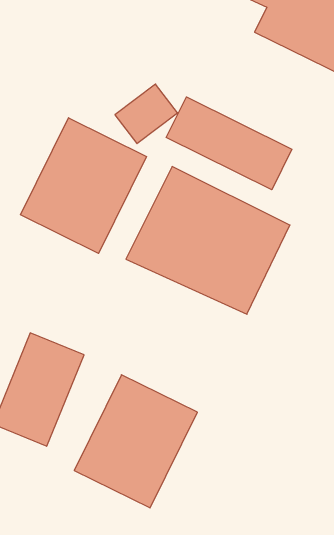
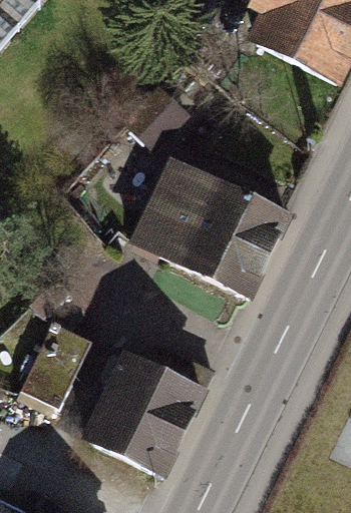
building: [166,97,292,190] -> none
building: [21,118,147,253] -> none

